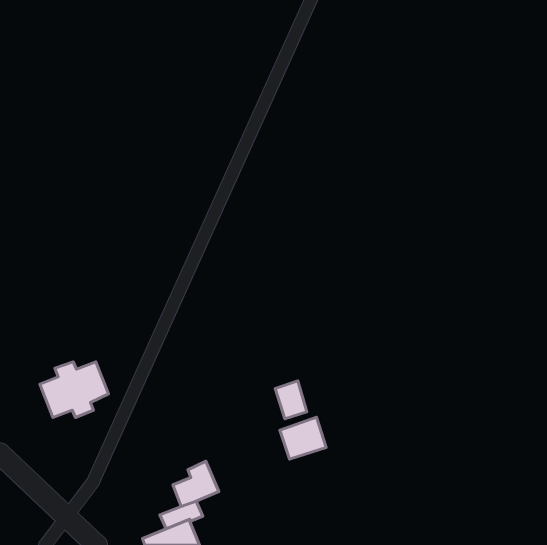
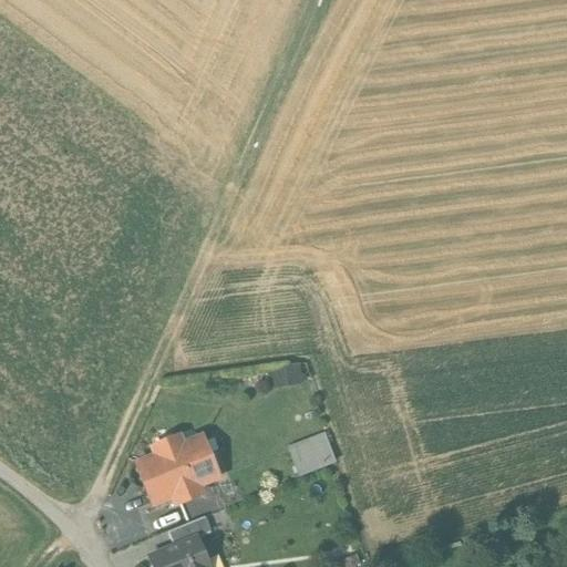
building: [40,362,109,418] -> [143,443,214,501]
building: [275,381,307,419] -> none

